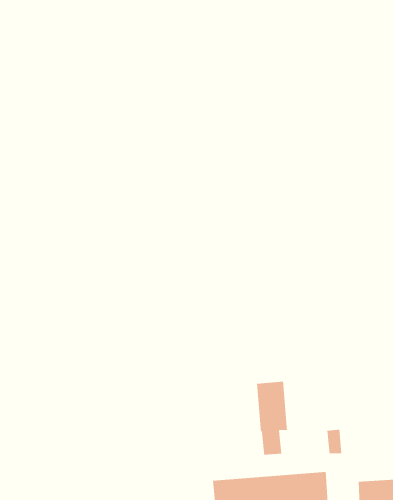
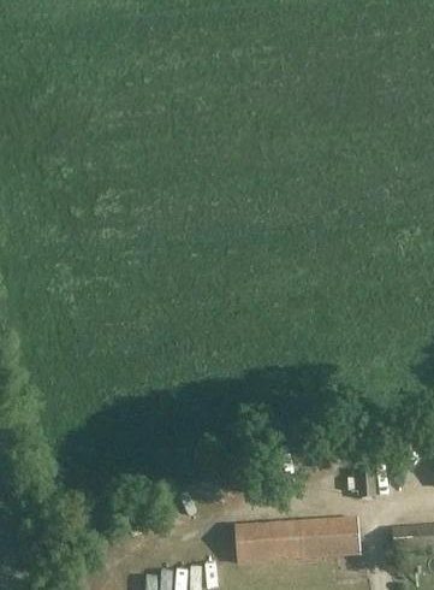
building: [257,381,287,456] -> none

